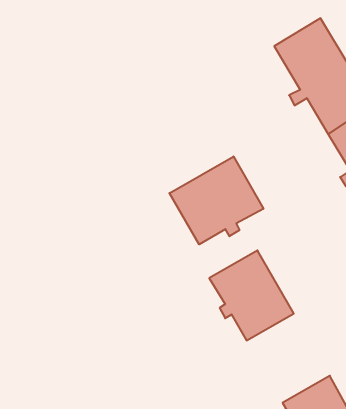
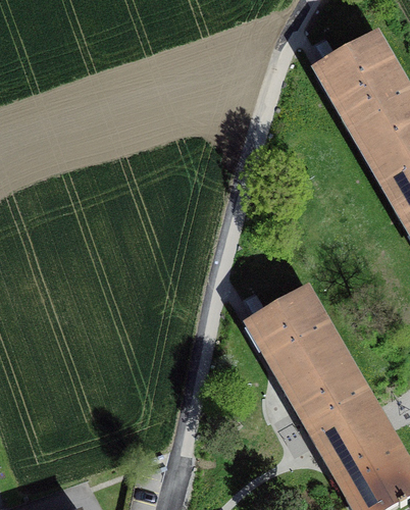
building: [169,156,263,244] -> none
building: none -> [290,356,381,454]

